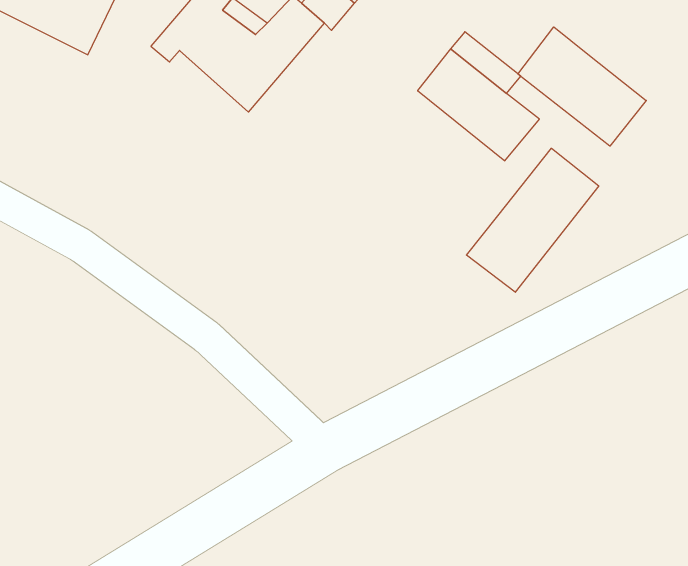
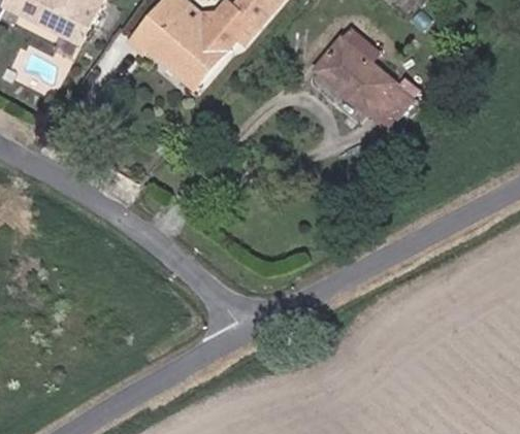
building: [518,27,646,146] -> none
building: [466,148,599,292] -> none

